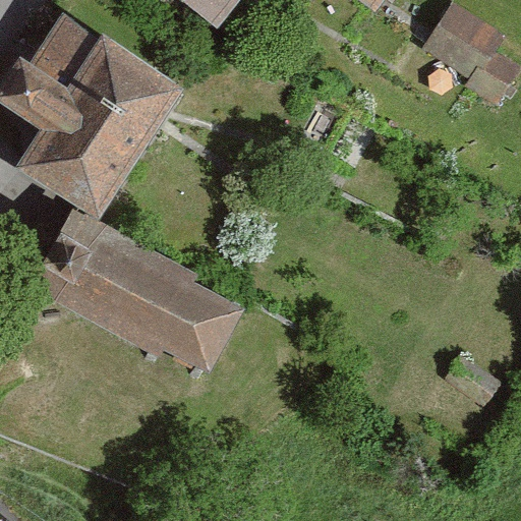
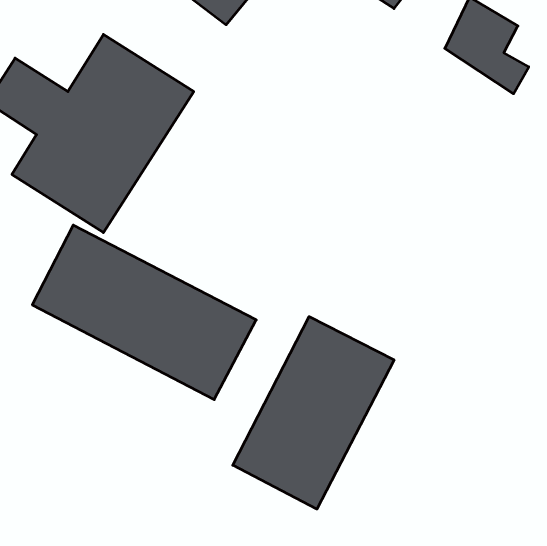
building: none -> [233,317,394,509]

